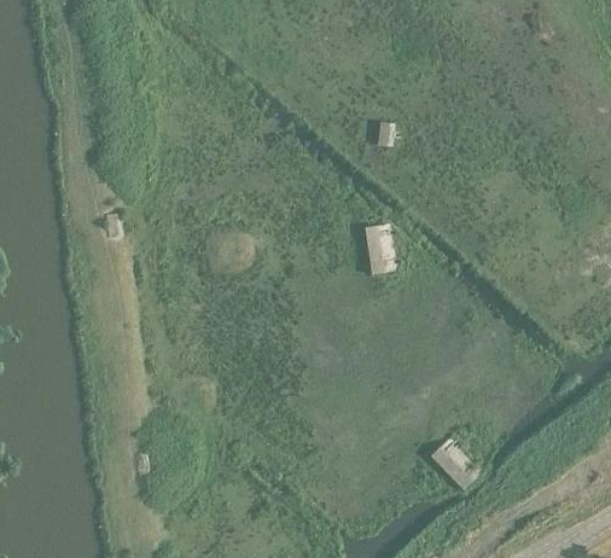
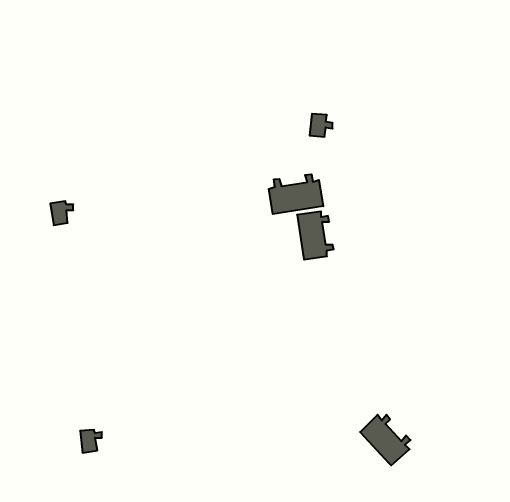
building: none -> [269,174,323,214]

